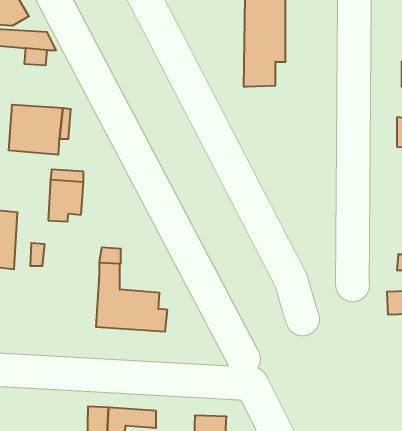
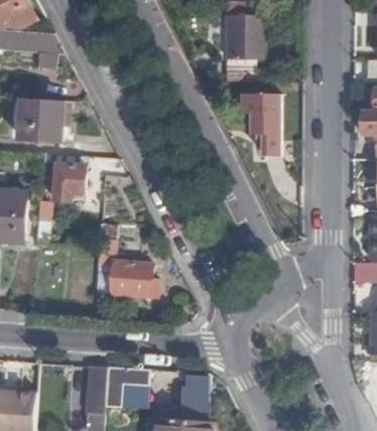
building: none -> [229,81,280,162]

